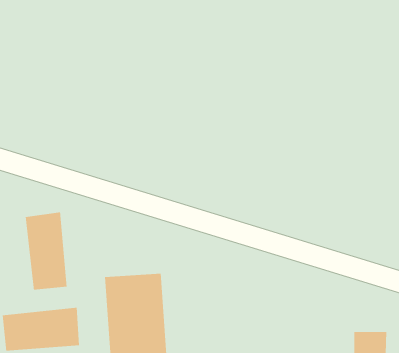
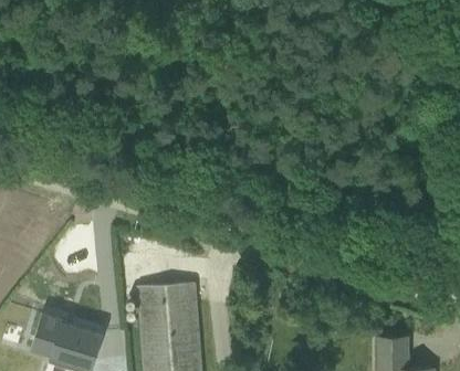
building: [25,212,67,291] -> none

